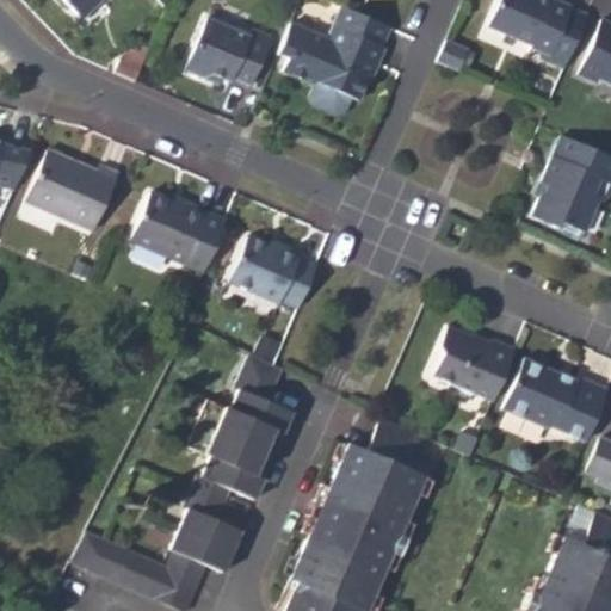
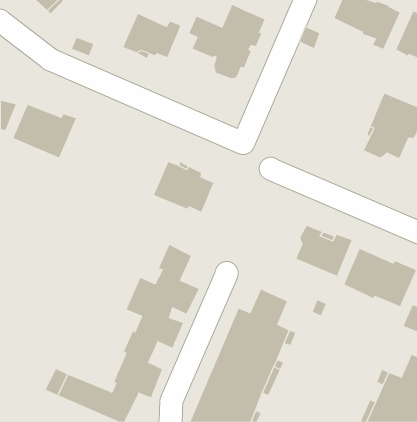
building: [131,195,227,271] -> none

